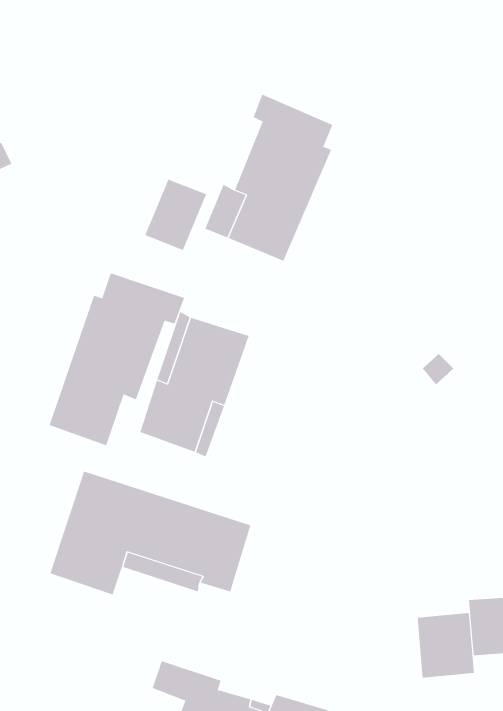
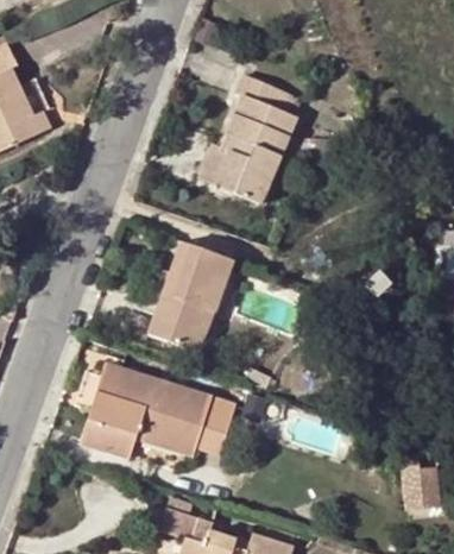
building: [145,179,207,251] -> none
building: [49,272,185,446] -> none
building: [417,612,474,678] -> none

